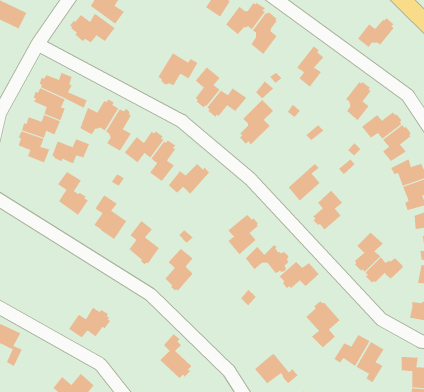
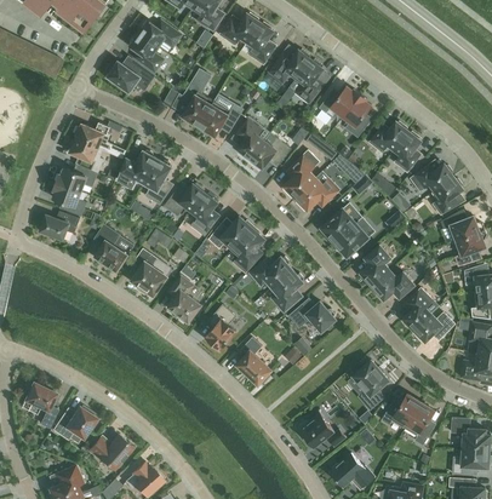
building: [357,18,395,48] -> [370,120,408,151]
building: none -> [182,68,214,126]
building: none -> [320,86,361,116]
building: none -> [296,171,341,210]
building: [51,138,90,164] -> [40,212,80,239]
building: none -> [321,207,362,241]
building: none -> [233,225,264,271]
building: none -> [251,256,292,286]
building: [279,261,320,289] -> [372,270,414,299]
building: [68,307,111,338] -> [53,406,98,438]
building: [160,333,192,379] -> [238,335,271,383]

